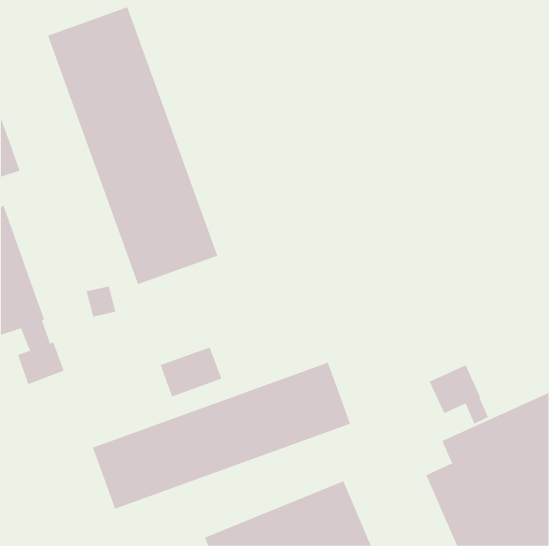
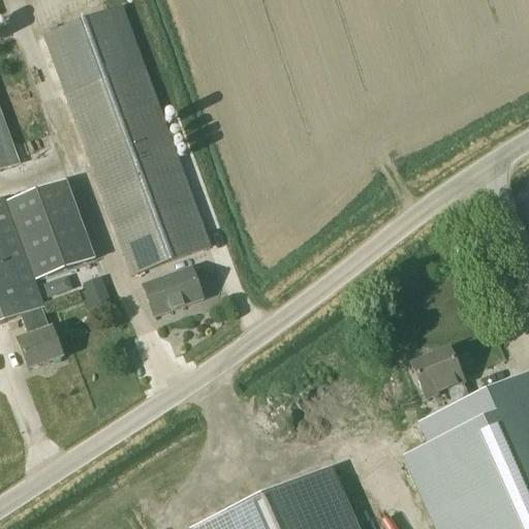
building: none -> [6,182,95,282]
building: [160,347,222,397] -> [143,268,203,316]
building: [92,362,351,509] -> none

